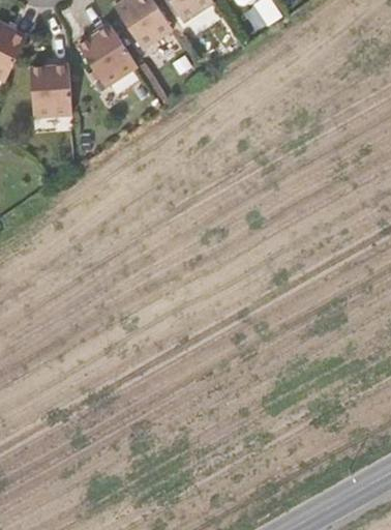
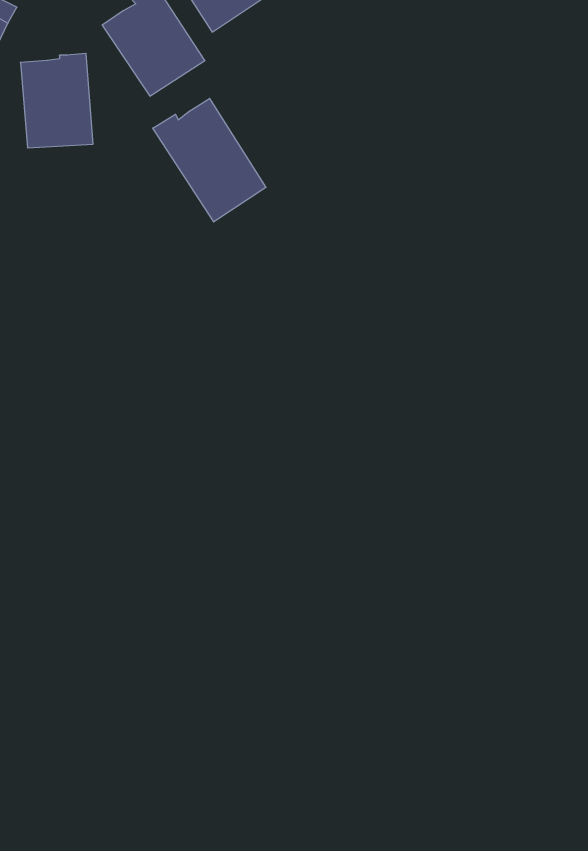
building: none -> [153,98,266,222]

